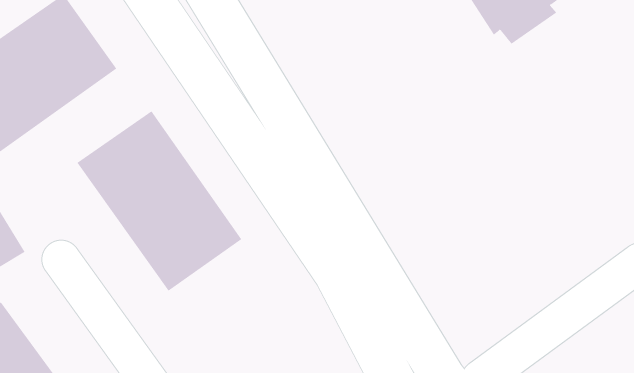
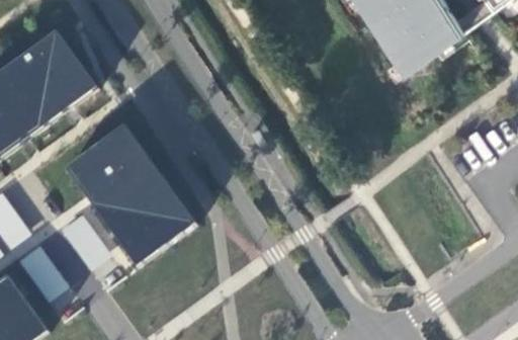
building: none -> [14,244,64,301]

